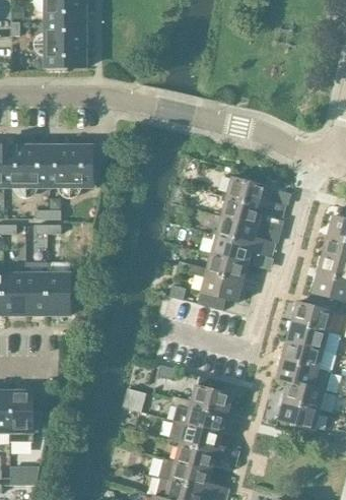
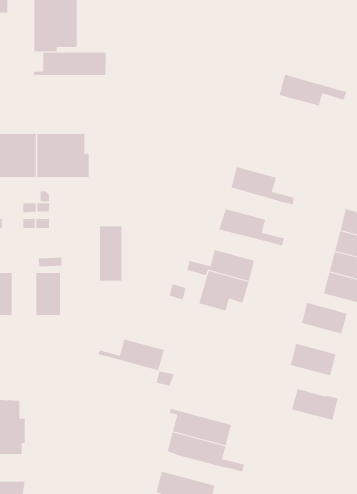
building: none -> [34,52,106,76]
building: [221,196,284,226] -> [279,74,347,106]
building: [211,235,274,263] -> none
building: [25,263,47,314] -> [99,226,122,281]
building: [286,321,329,350] -> none
building: [276,360,331,390] -> none
building: [170,385,232,415] -> [97,339,164,371]
building: [277,400,321,431] -> none
building: [175,443,237,471] -> none

